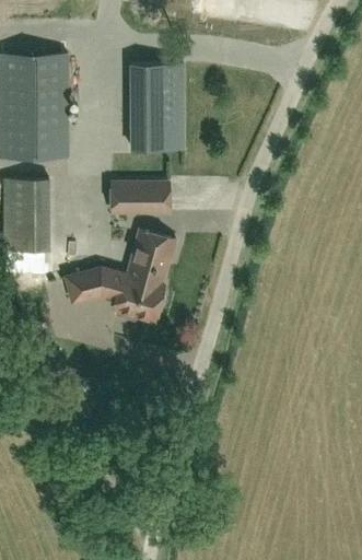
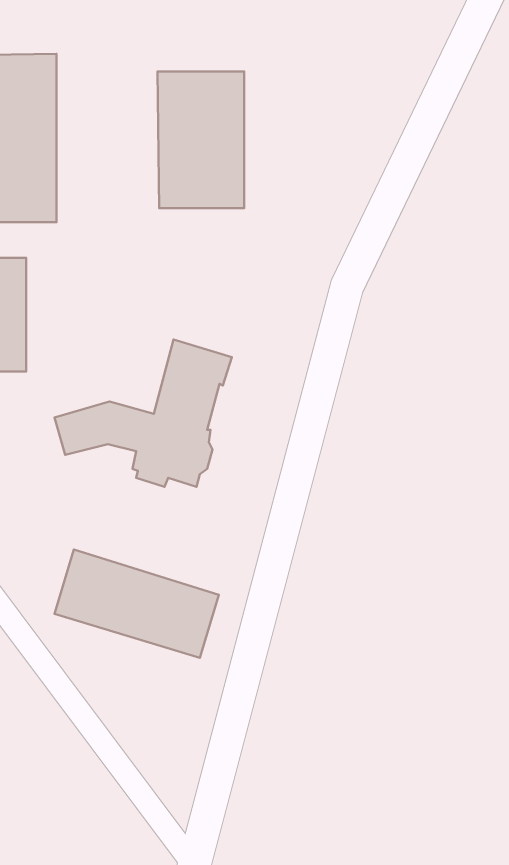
building: [112,182,168,212] -> none
building: none -> [54,549,219,658]

